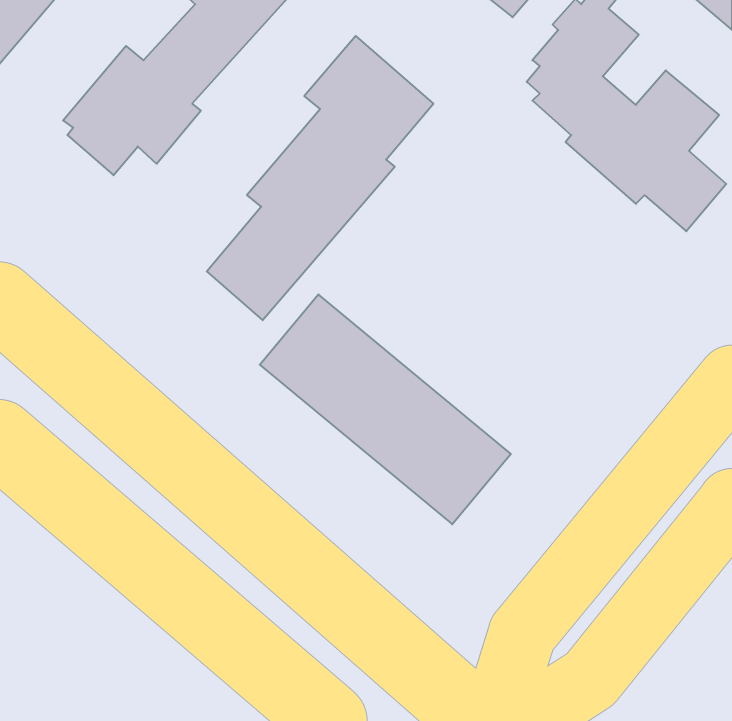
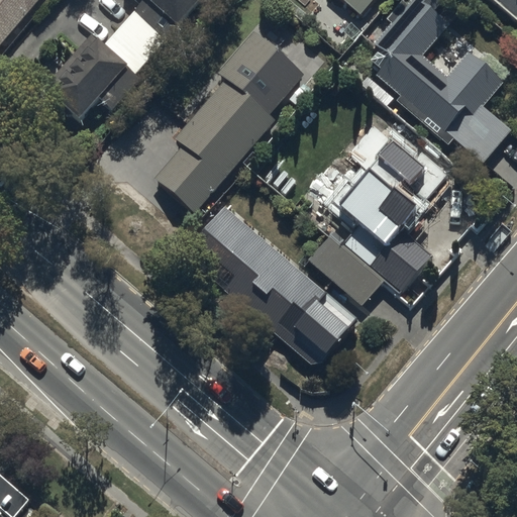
building: none -> [306,123,448,304]

